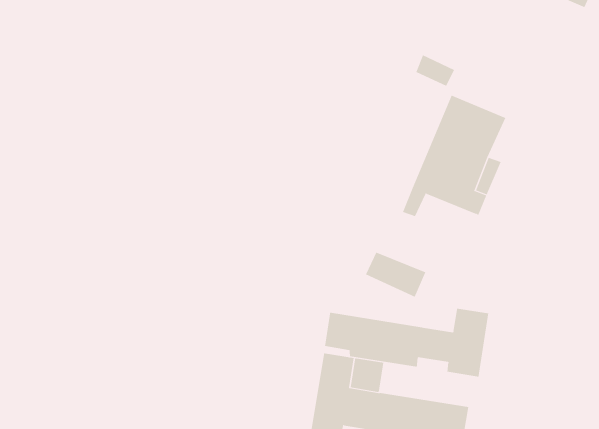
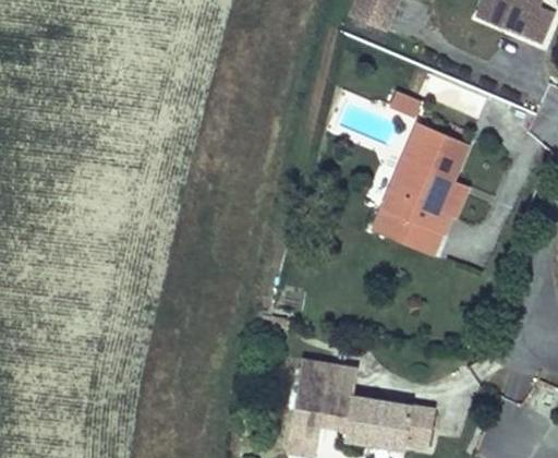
building: [365,252,426,297] -> [386,214,441,255]
building: [325,308,489,378] -> none

